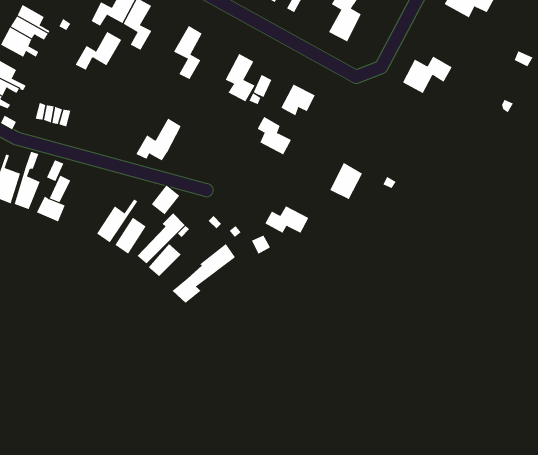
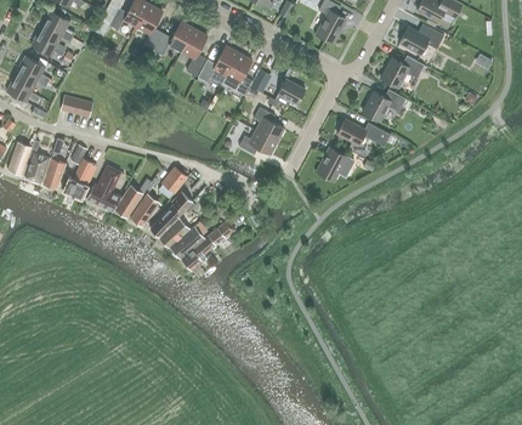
building: none -> [399,25,444,55]
building: [75,31,122,70] -> [153,21,194,55]
building: none -> [362,89,405,120]
building: [136,118,182,161] -> [198,45,238,83]
building: none -> [336,119,390,155]
building: none -> [87,165,120,210]
building: [265,205,309,233] -> [238,130,277,154]
building: none -> [169,223,205,259]

